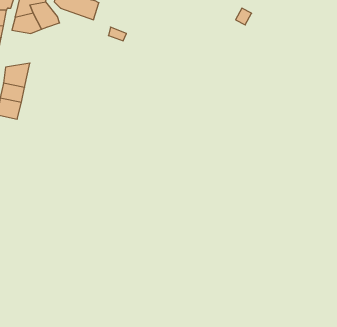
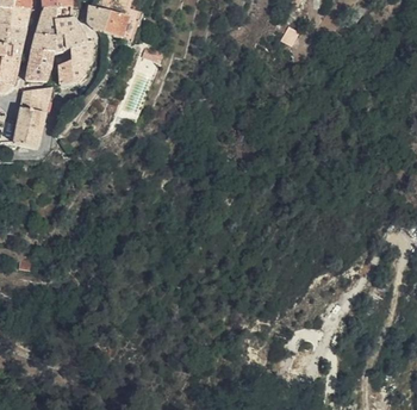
building: none -> [58,39,92,87]
building: none -> [26,49,54,82]

